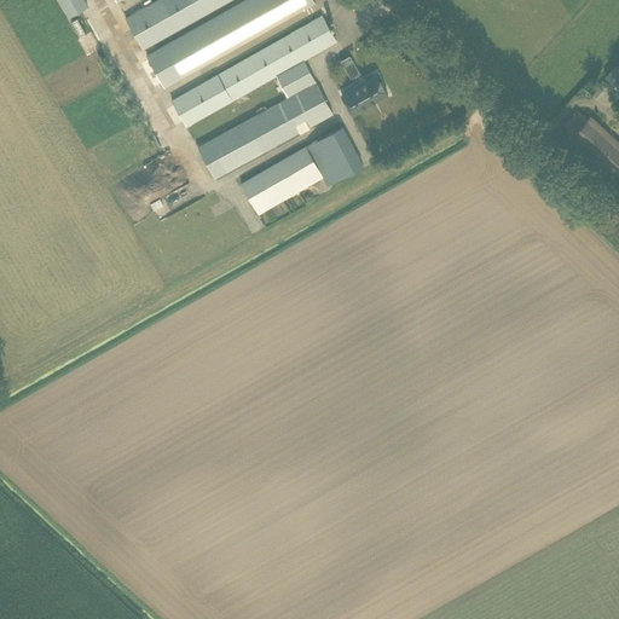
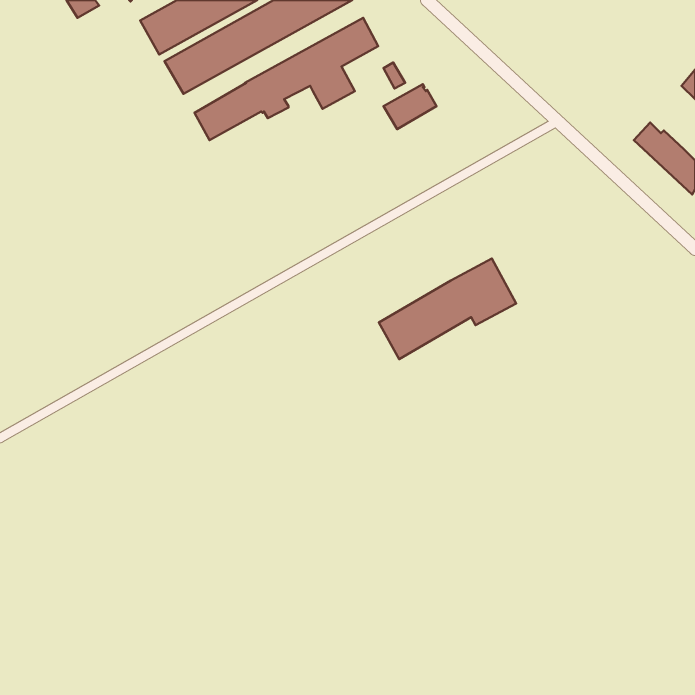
building: [197,81,334,179] -> none
building: [241,126,363,215] -> [379,259,516,359]

